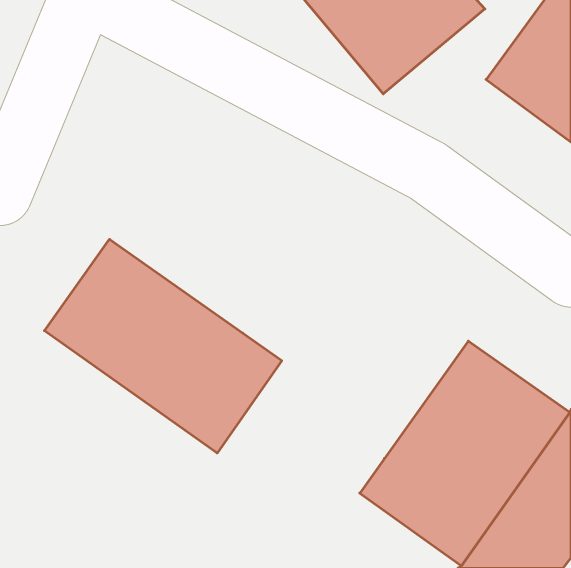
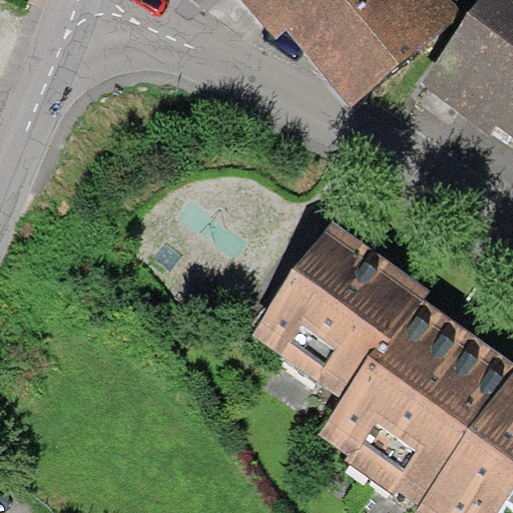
building: [44,239,282,453] -> none
building: none -> [250,231,425,411]

